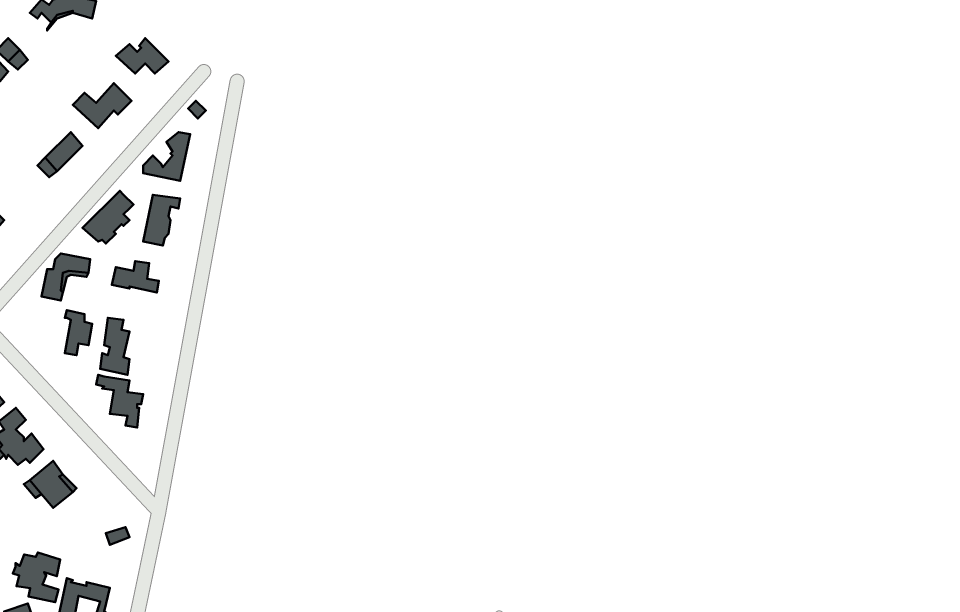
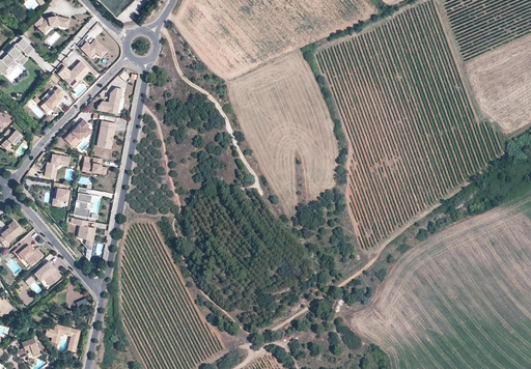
building: [13,552,60,602] -> none

